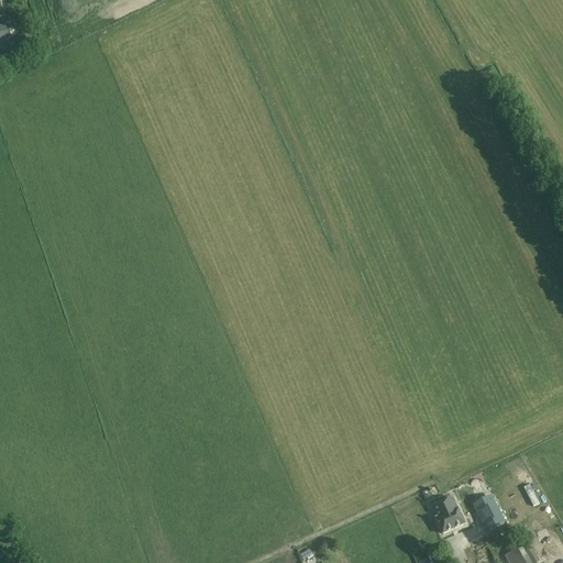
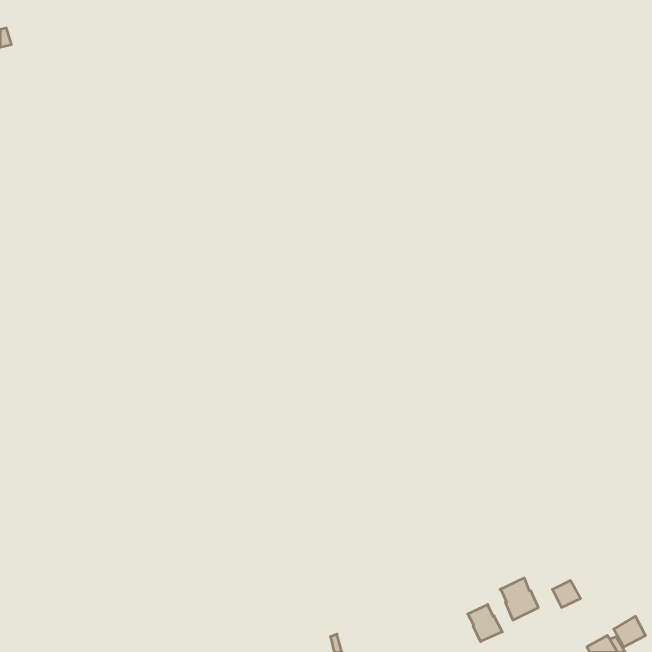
building: none -> [468,604,502,642]

